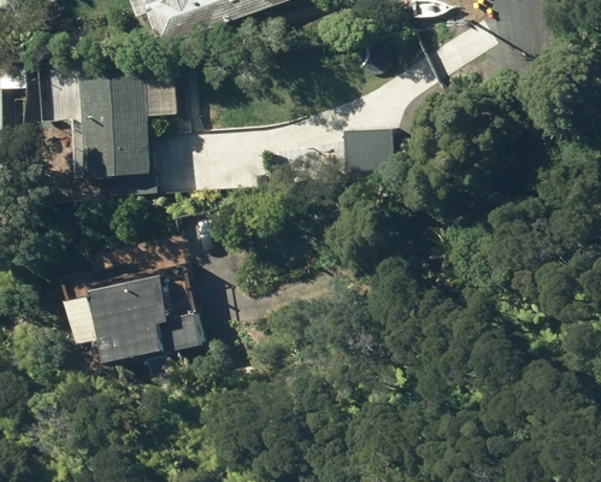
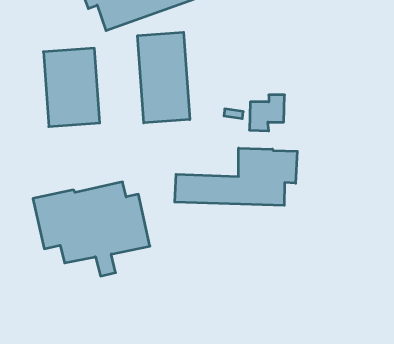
building: none -> [138,32,190,123]
building: none -> [175,148,297,205]

